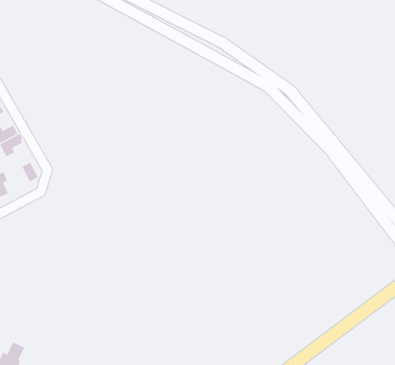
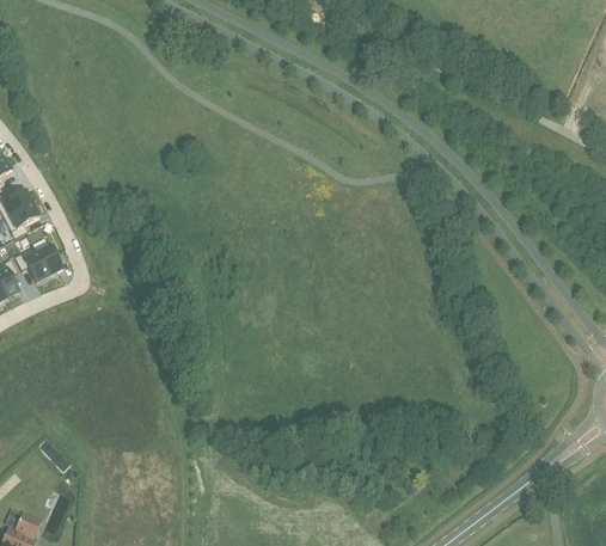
building: none -> [13,247,48,280]

